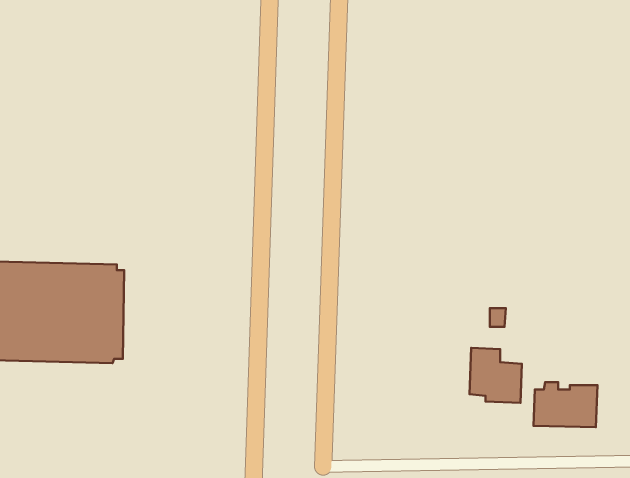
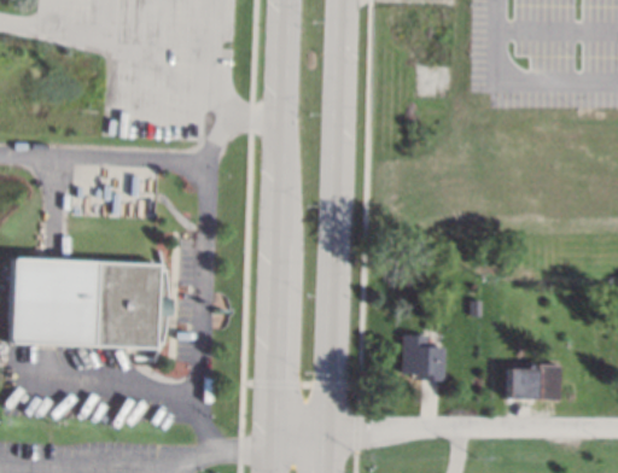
building: [470,348,522,403] -> [400,333,443,379]

